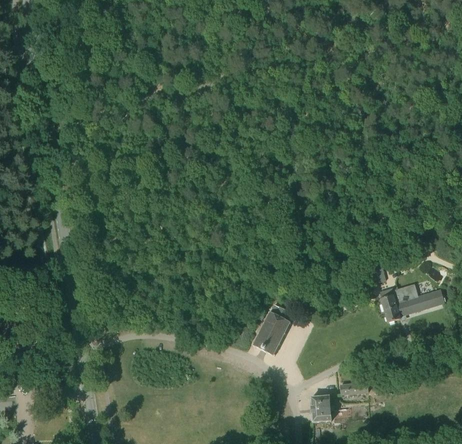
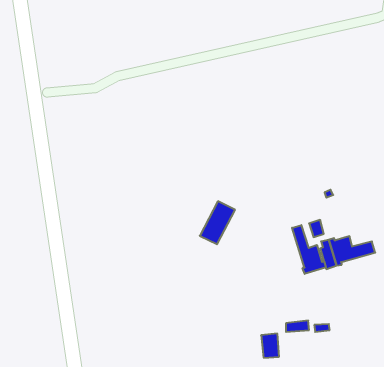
building: none -> [292,225,326,274]
building: [253,305,294,355] -> [200,201,235,244]

